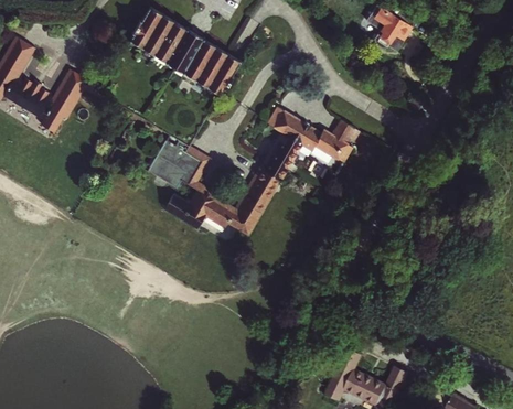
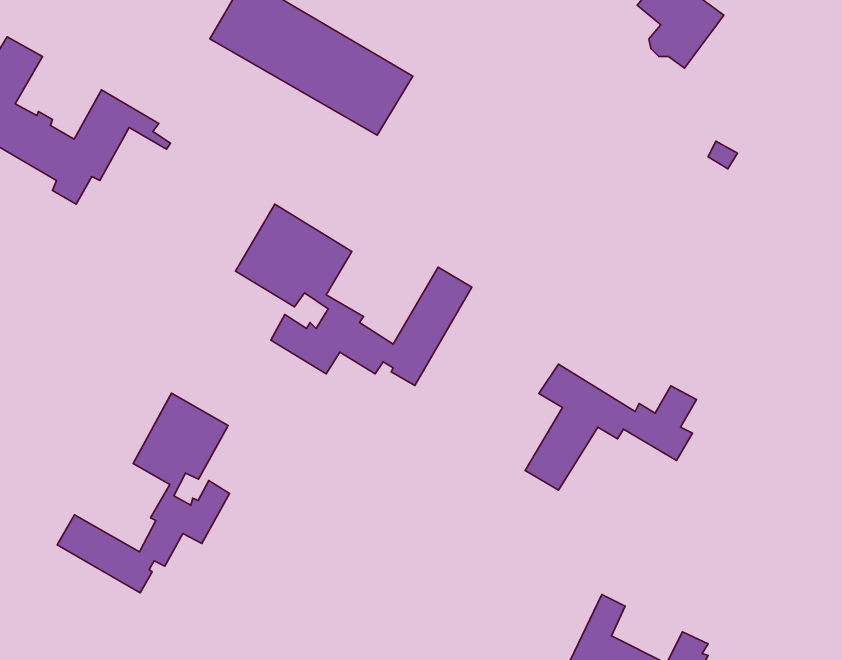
building: [257,108,353,179] -> [525,364,696,490]
building: none -> [57,393,230,593]

